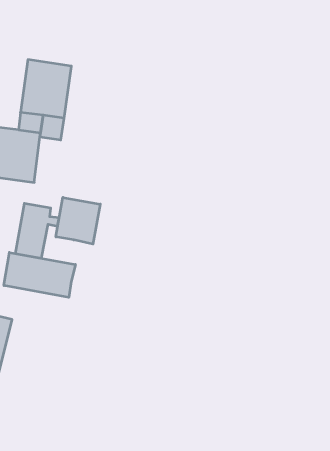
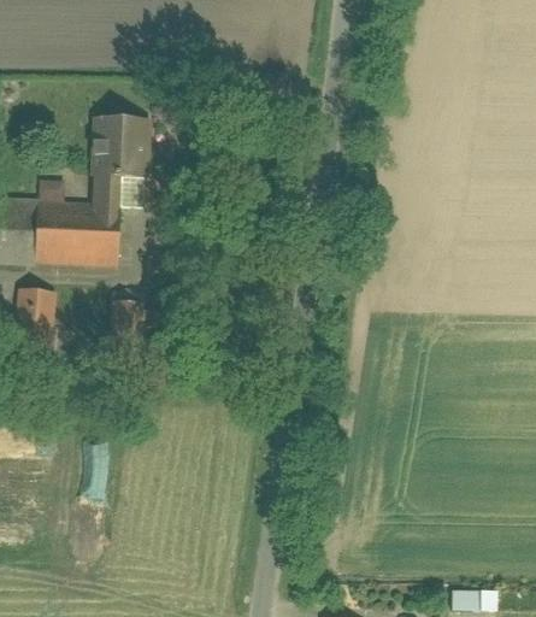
building: [56,197,100,244] -> none
building: [4,252,75,297] -> none

